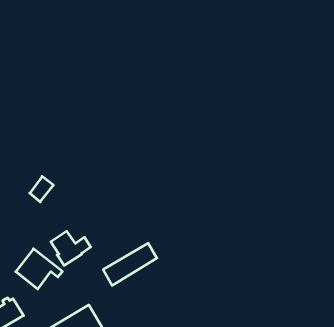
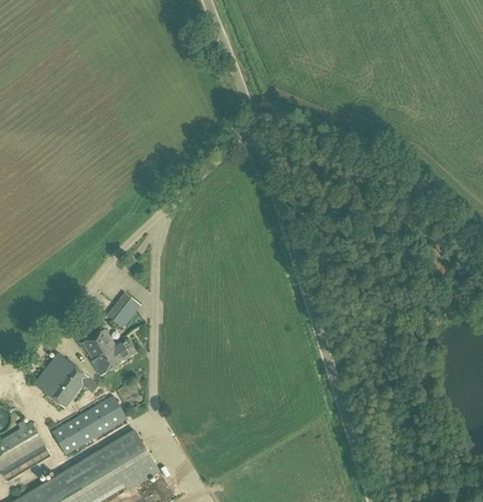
building: [30,176,53,202] -> [107,293,139,328]
building: [103,243,157,285] -> [52,396,125,454]

